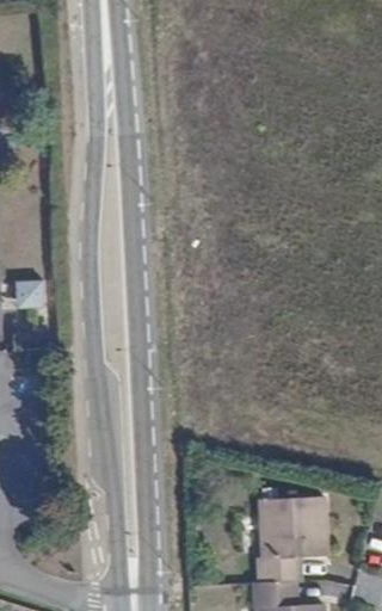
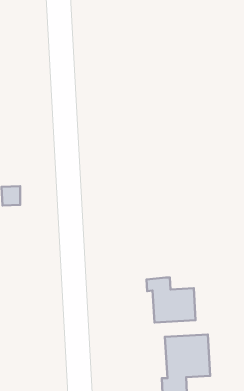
building: none -> [146,277,196,322]

